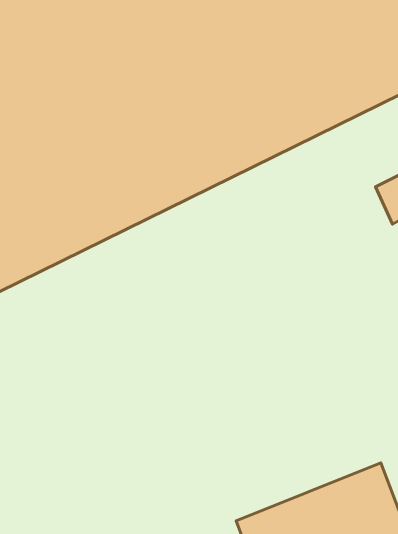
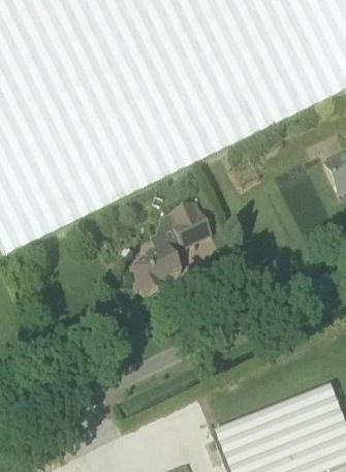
building: none -> [166,200,211,246]
building: none -> [129,240,181,294]

